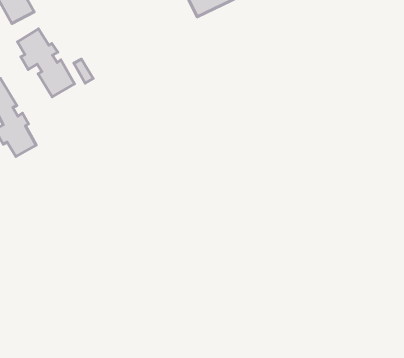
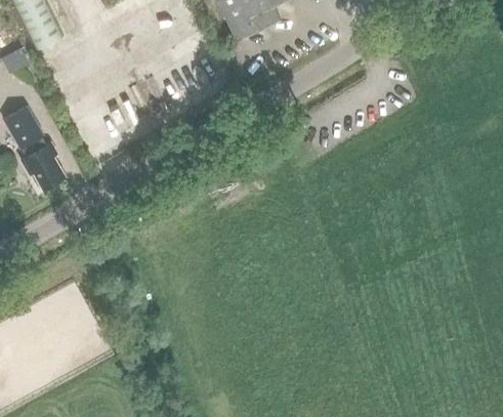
building: [17,29,75,97] -> none

